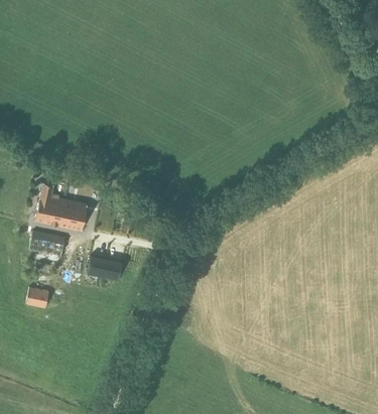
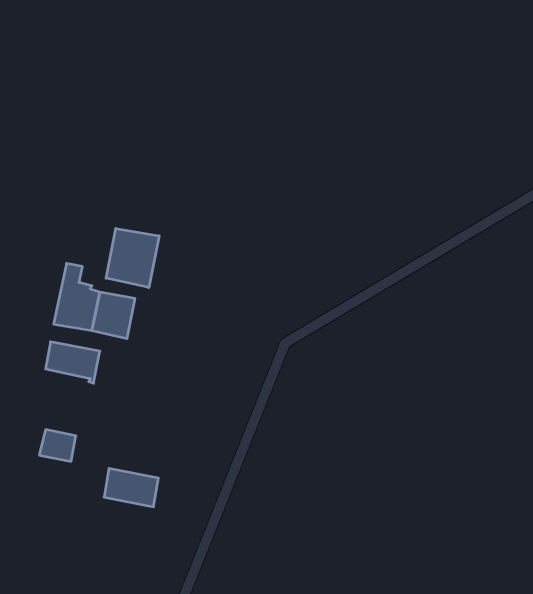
building: none -> [106,228,159,288]
building: [88,256,122,280] -> [104,468,158,507]

